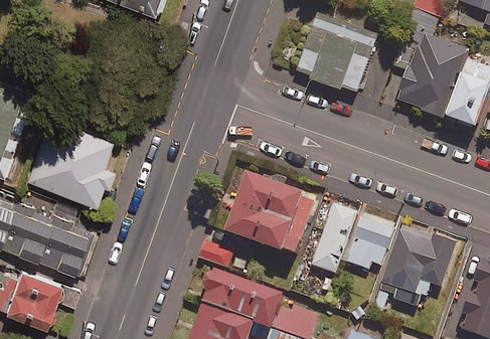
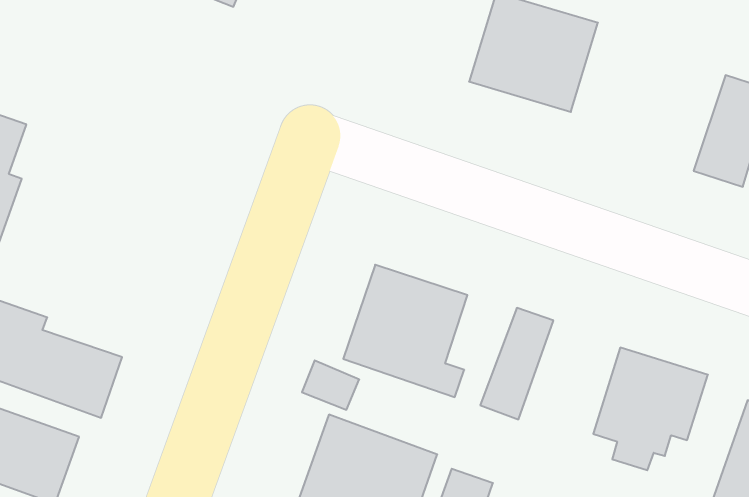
building: [397,32,469,118] -> none
building: [26,117,113,205] -> none
building: [346,213,394,270] -> none

